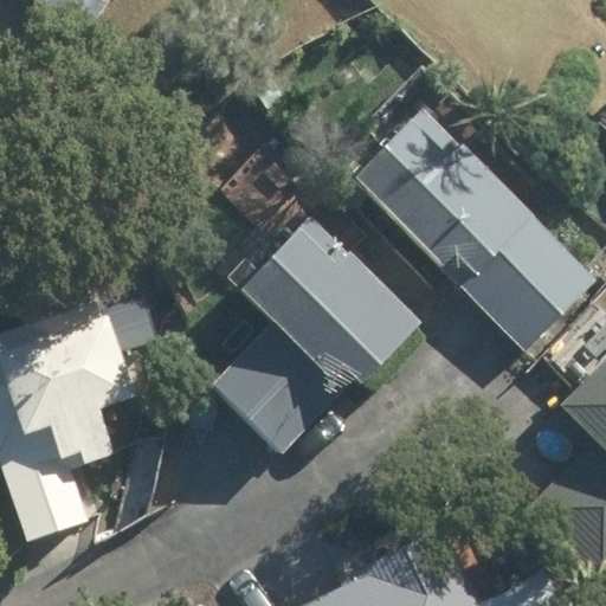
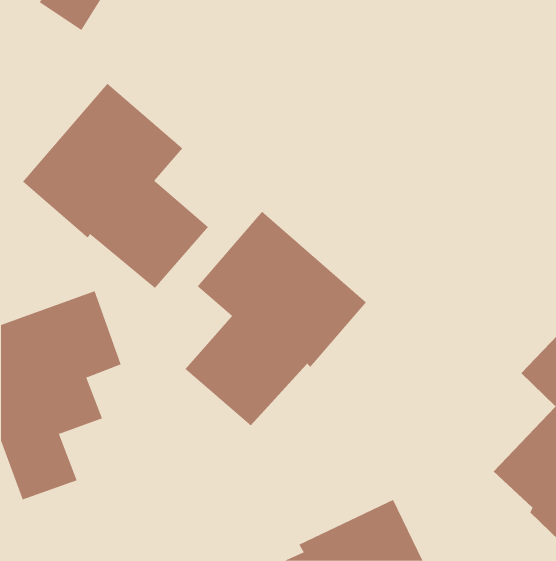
building: none -> [22,83,209,289]
building: [361,108,600,347] -> none

